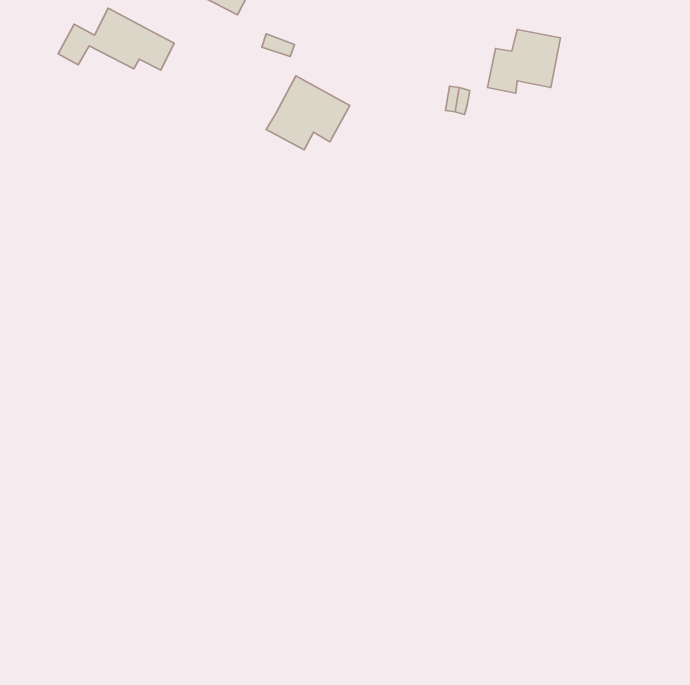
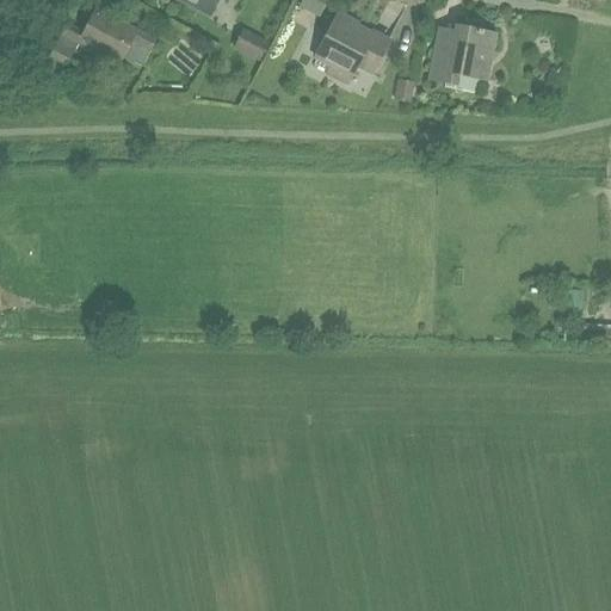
building: [266,76,350,150] -> [314,13,388,79]

